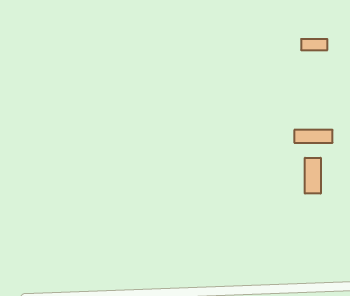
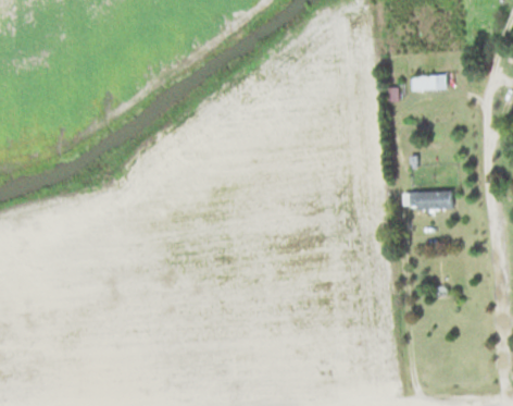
building: [305,158,321,194] -> none

